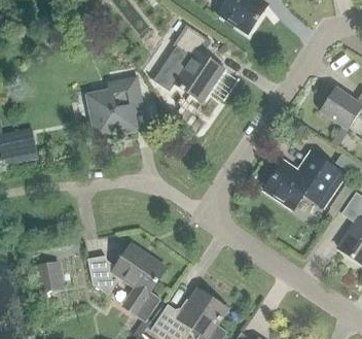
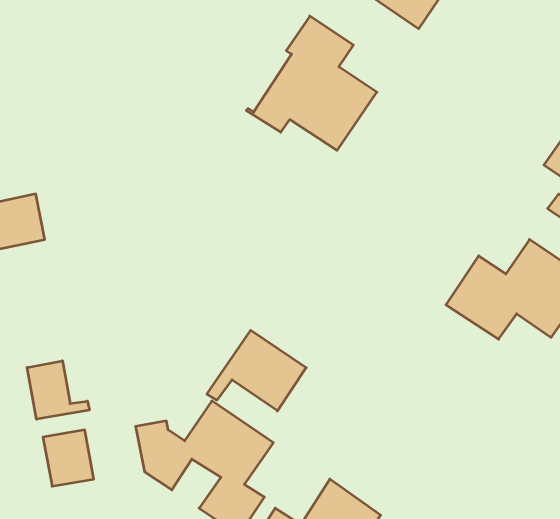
building: [90,75,143,138] -> none
building: none -> [207,330,306,411]
building: none -> [27,361,89,419]

